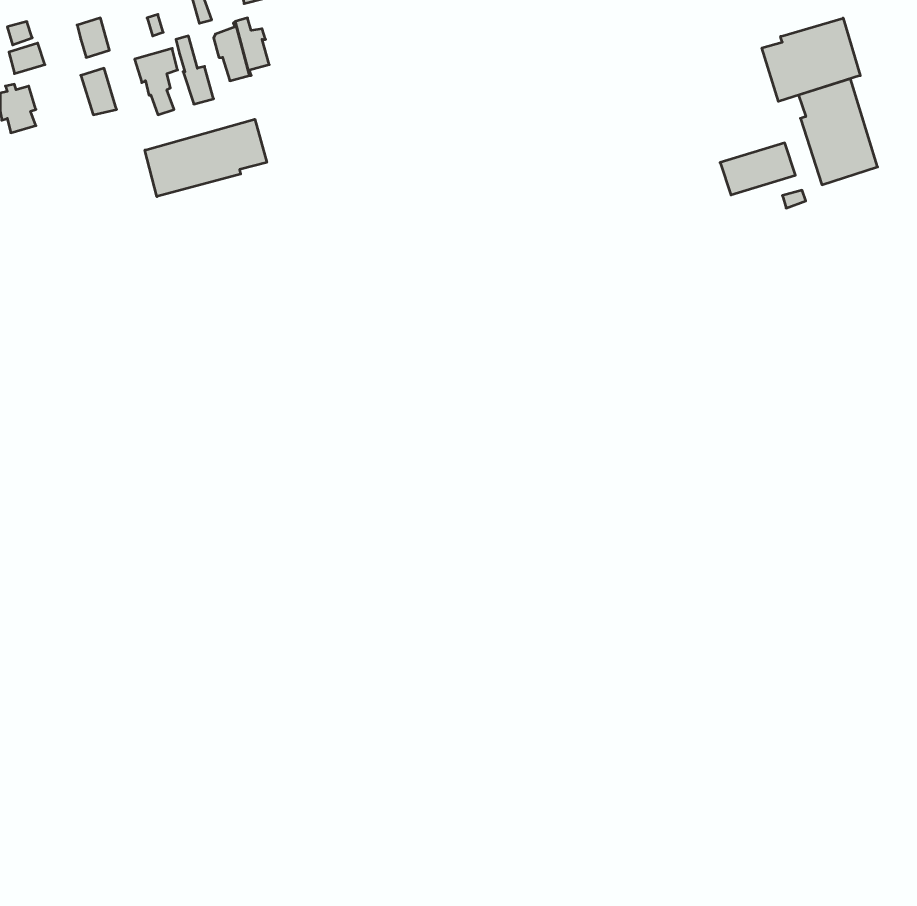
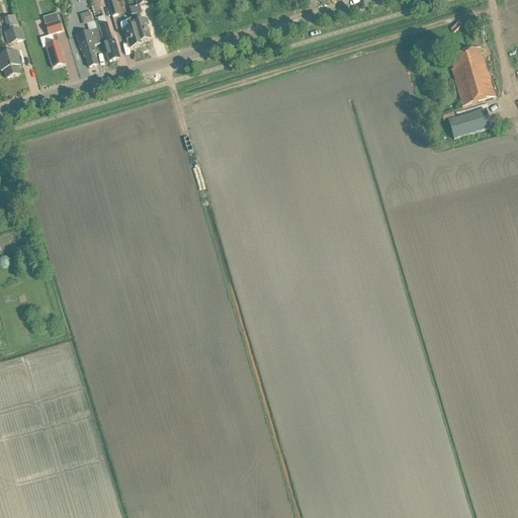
building: [762,18,860,101] -> none
building: [145,119,267,197] -> none
building: [720,143,795,195] -> [448,107,491,137]

